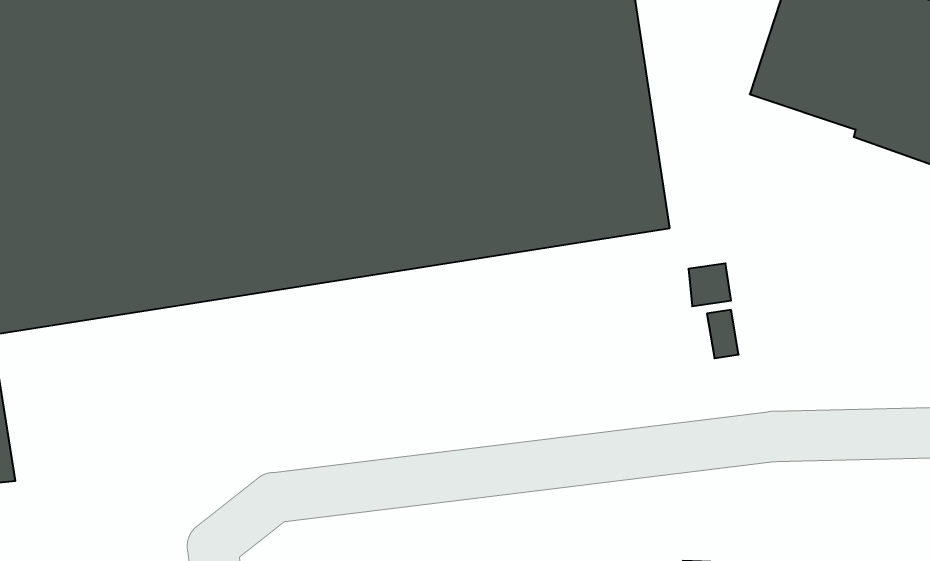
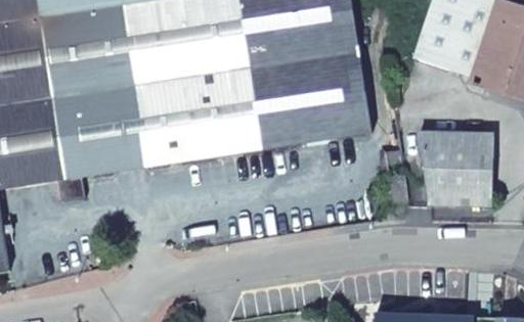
building: none -> [421,133,492,206]

